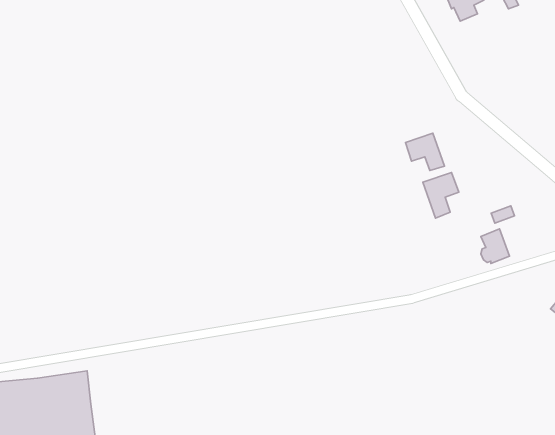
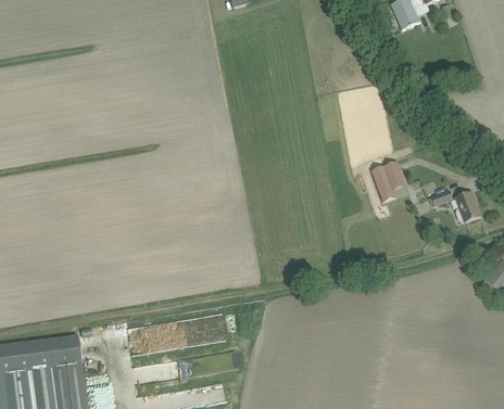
building: [406,133,445,171] -> none
building: [481,229,509,264] -> [455,191,480,221]

